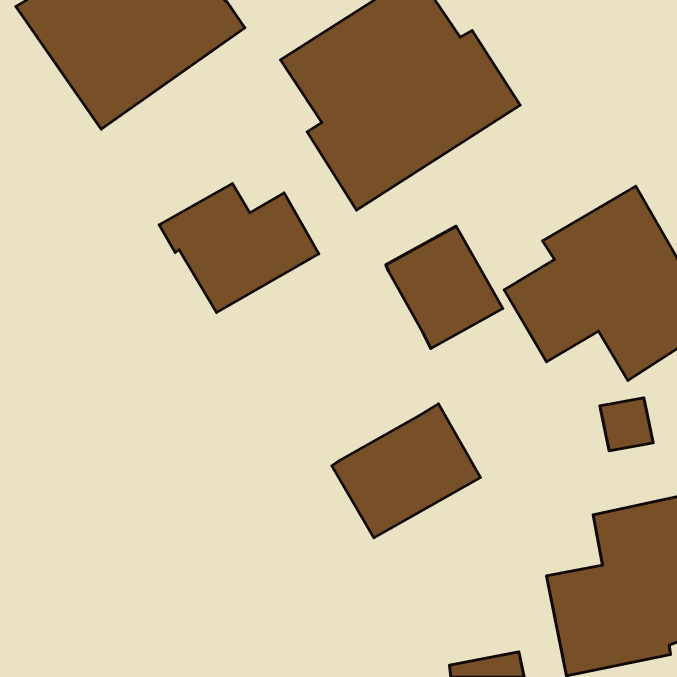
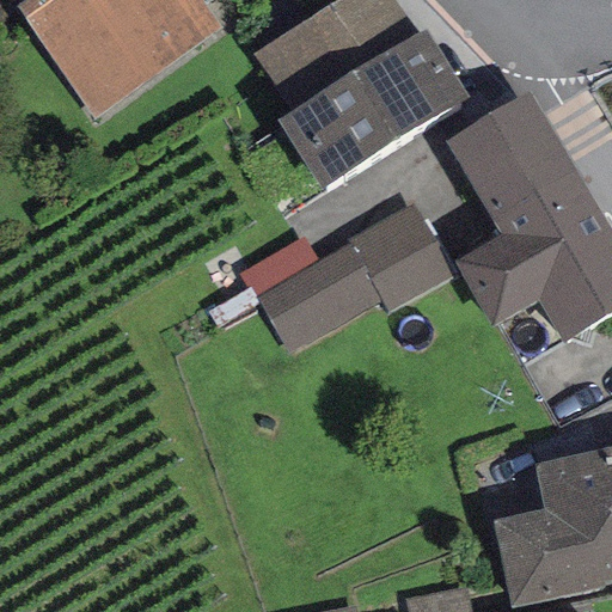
building: none -> [446,91,574,216]
building: [159,183,319,312] -> [239,235,382,351]
building: [332,404,481,538] -> none

